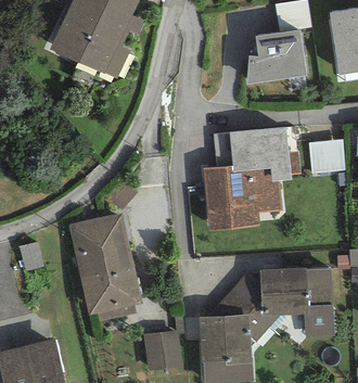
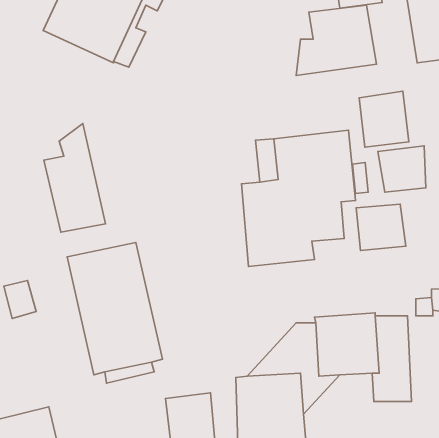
building: none -> [359,91,409,147]
building: none -> [44,124,106,232]
building: none -> [356,204,406,251]

